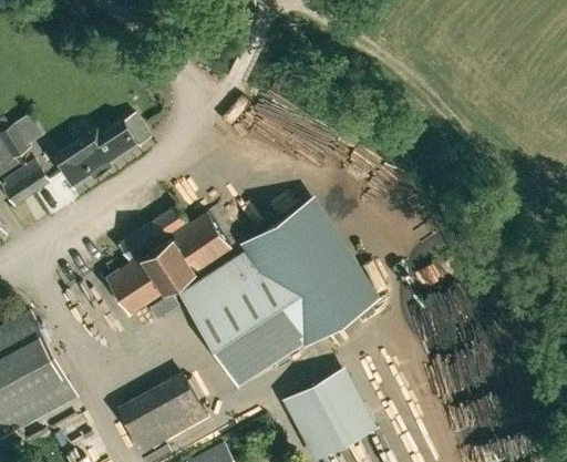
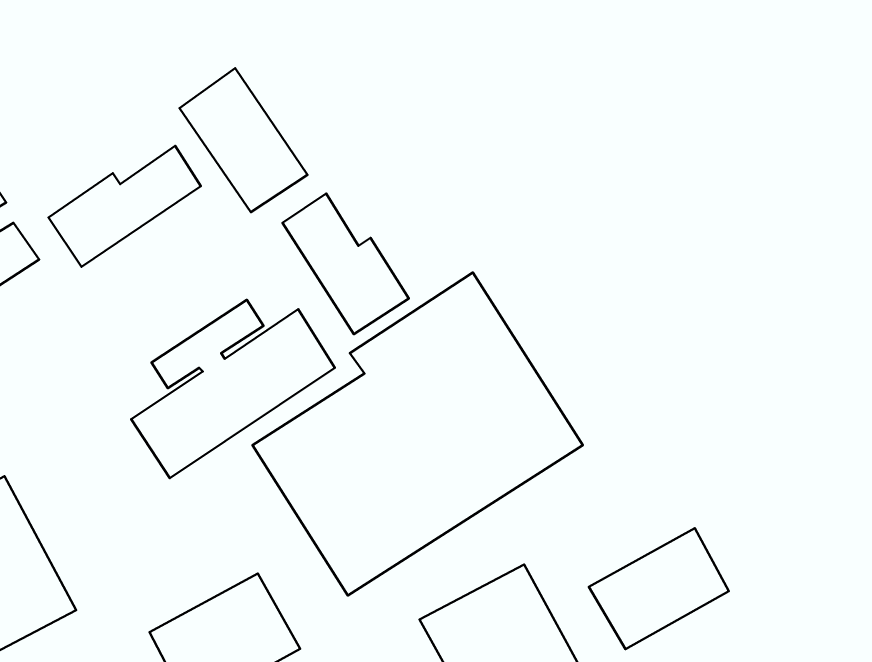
building: none -> [180,68,307,212]
building: none -> [282,193,409,334]
building: none -> [589,528,729,649]

